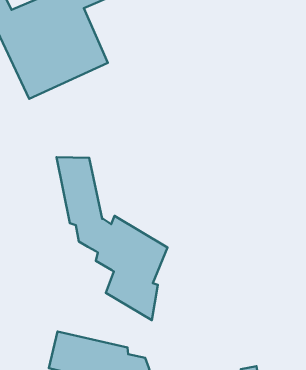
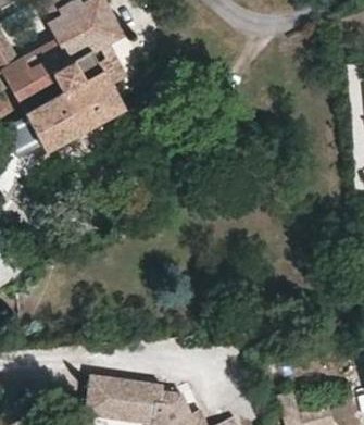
building: [56,157,168,320] -> none

